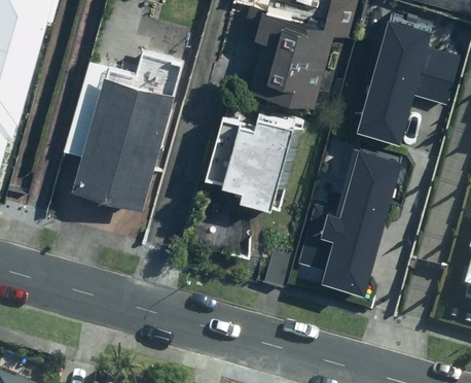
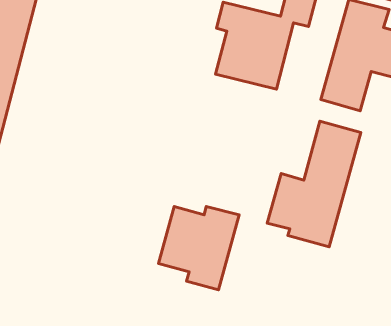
building: [75,67,176,198] -> none
building: [198,119,287,211] -> [158,206,239,290]

